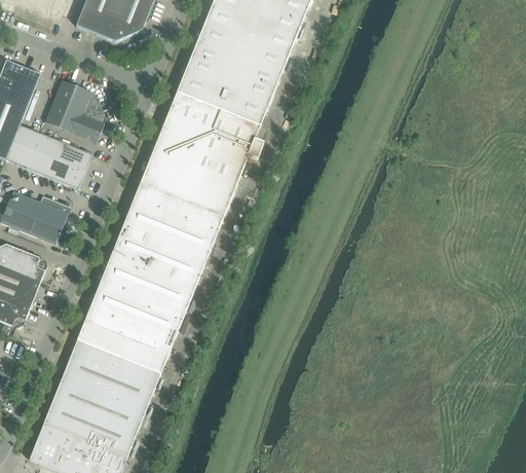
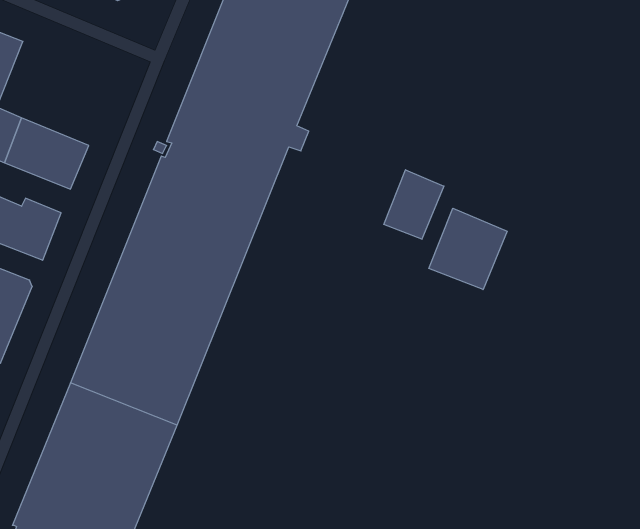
building: [44,80,105,142] -> none
building: none -> [384,170,444,239]
building: none -> [429,208,507,290]

